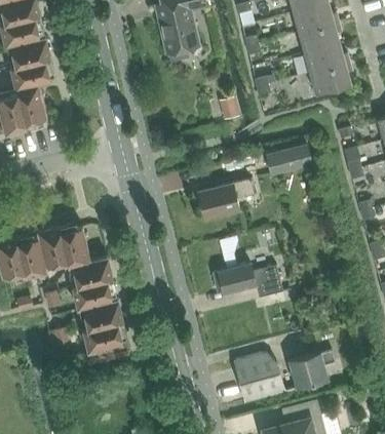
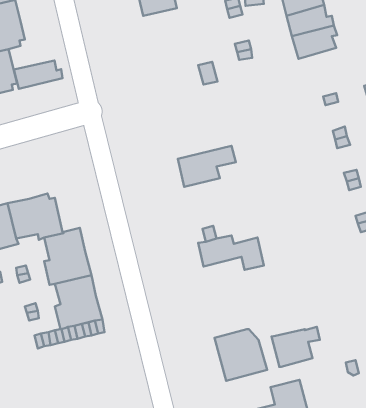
building: none -> [14,60,63,89]
building: [267,145,312,173] -> none

